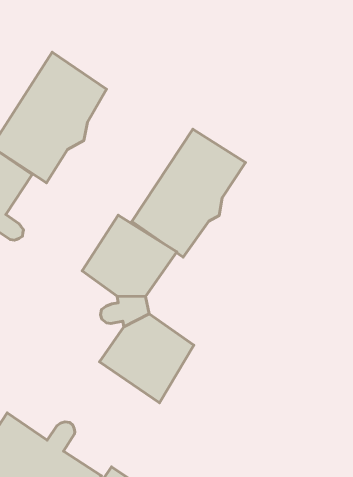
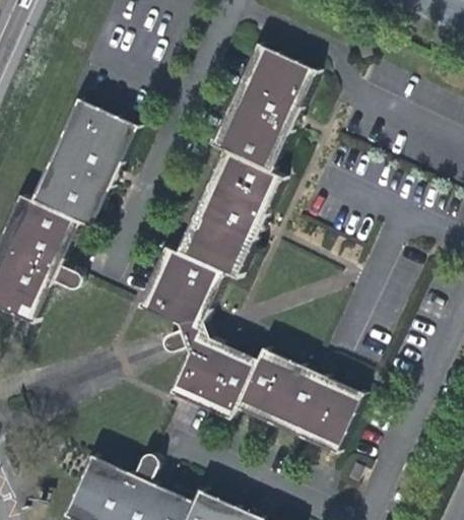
building: none -> [213,44,317,171]
building: none -> [241,352,361,450]

